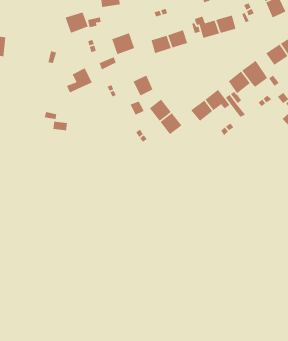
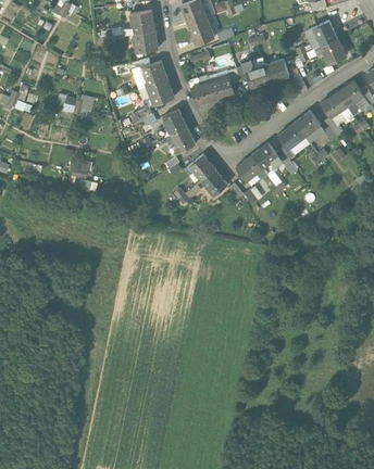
building: [65,12,89,34] -> [140,63,167,88]
building: [66,67,93,93] -> [157,111,187,140]

